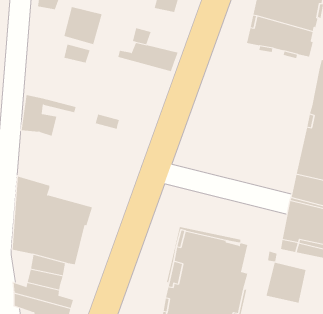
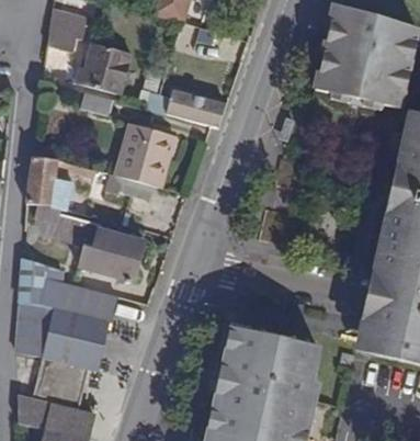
building: none -> [115,124,177,188]
building: none -> [37,204,147,280]
building: [266,262,306,303] -> none

